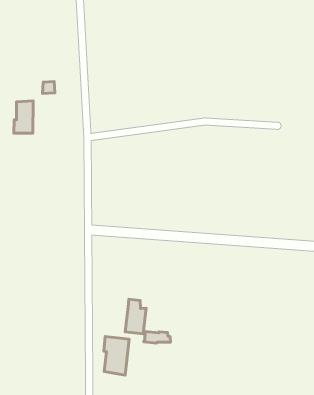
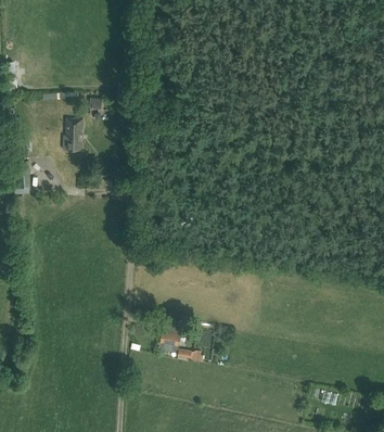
building: [104,336,129,375] -> none

